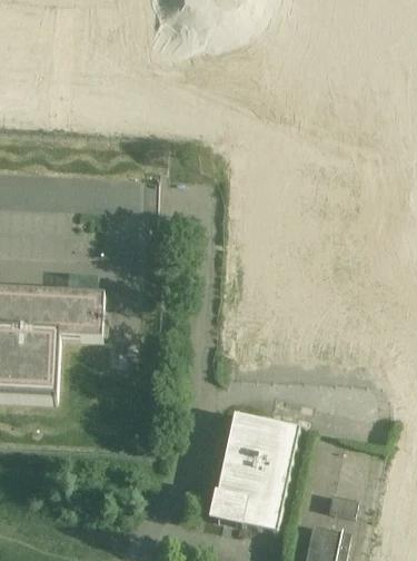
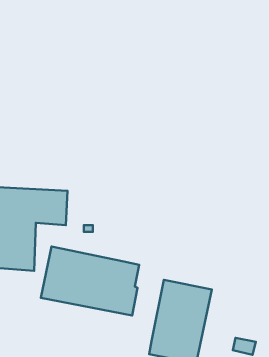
building: none -> [41,247,139,316]

